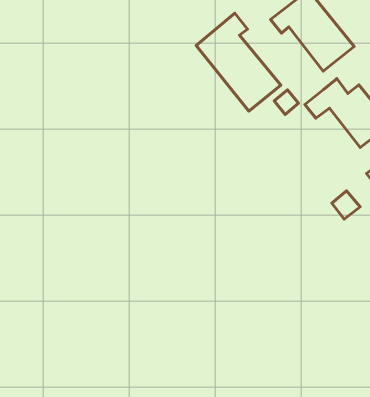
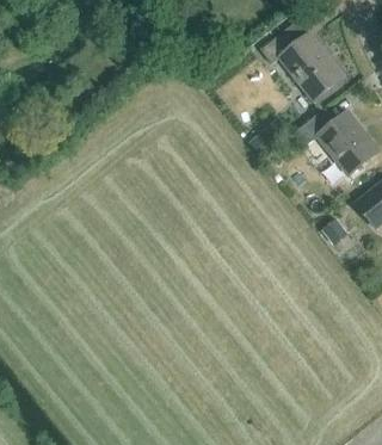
building: [196,13,281,111] -> none

